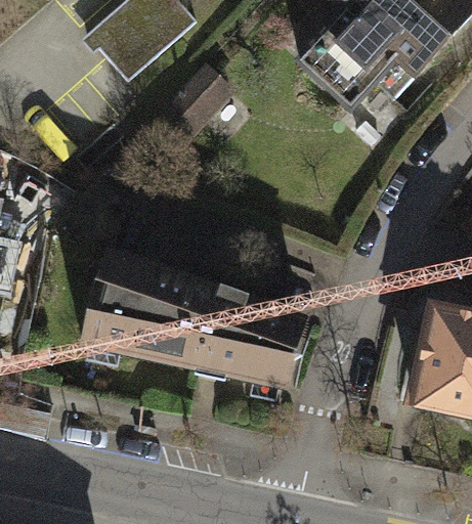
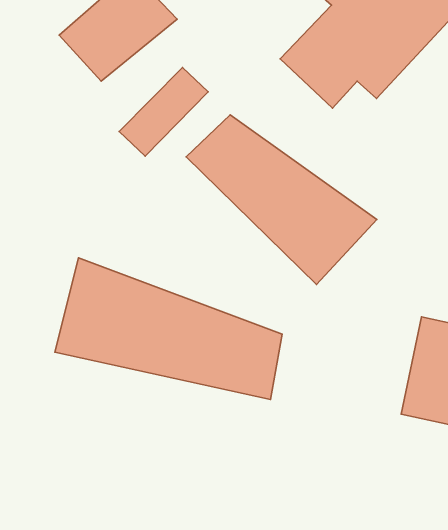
building: none -> [186,115,377,284]

